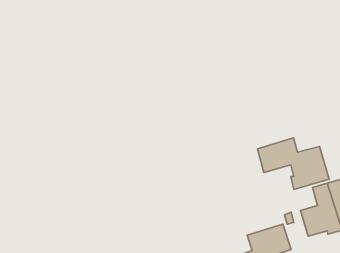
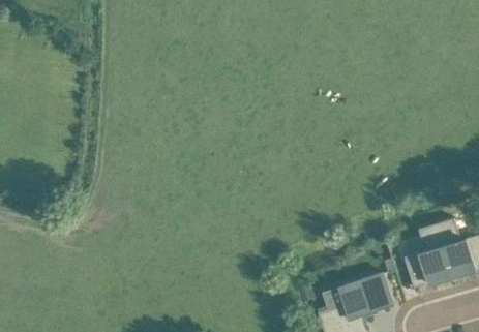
building: [257,138,329,190] -> none

